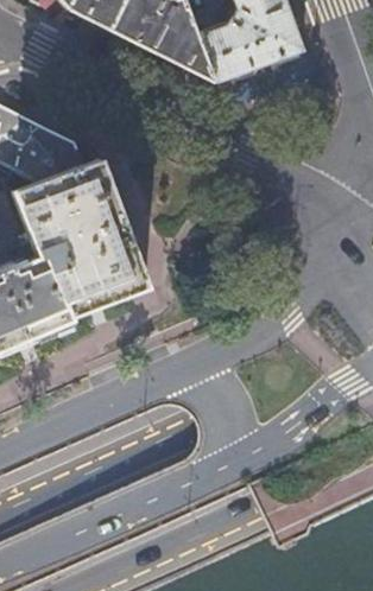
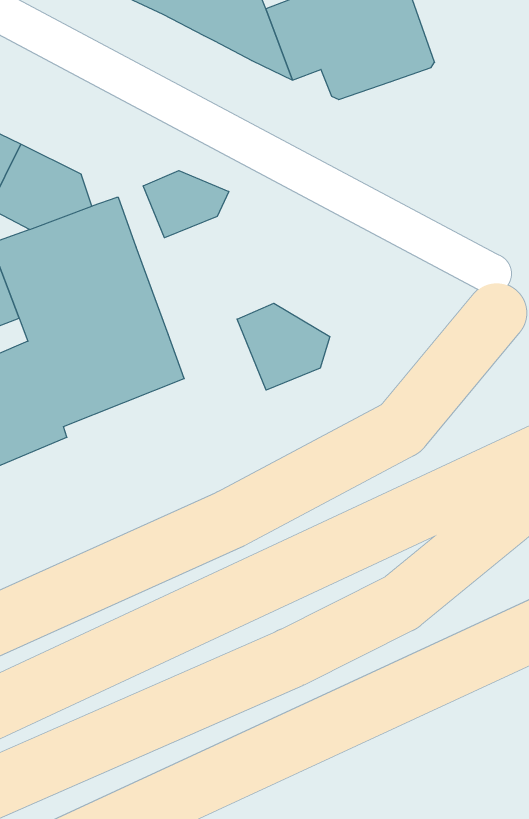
building: none -> [143,171,229,238]
building: none -> [237,303,330,390]

